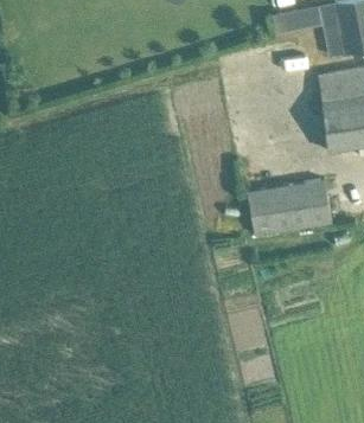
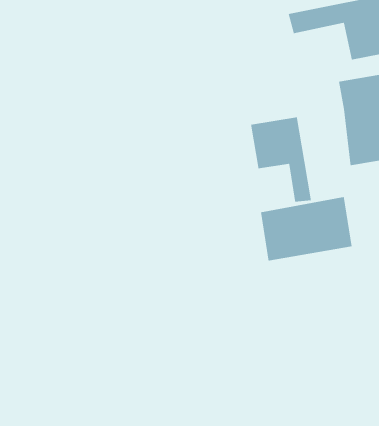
building: none -> [251,117,311,203]

